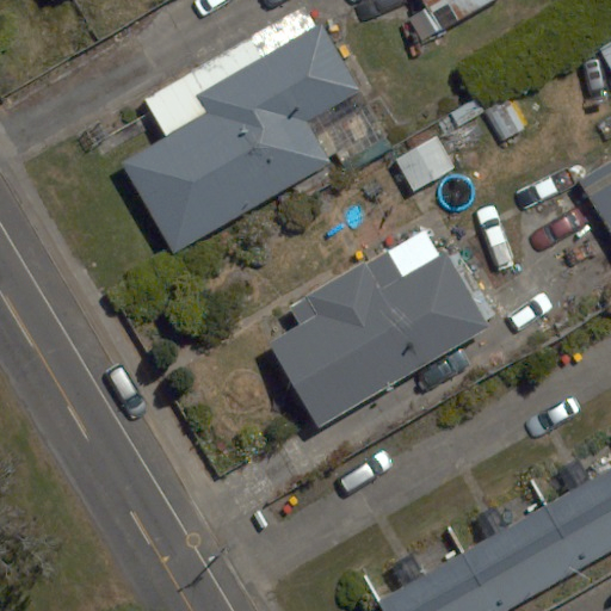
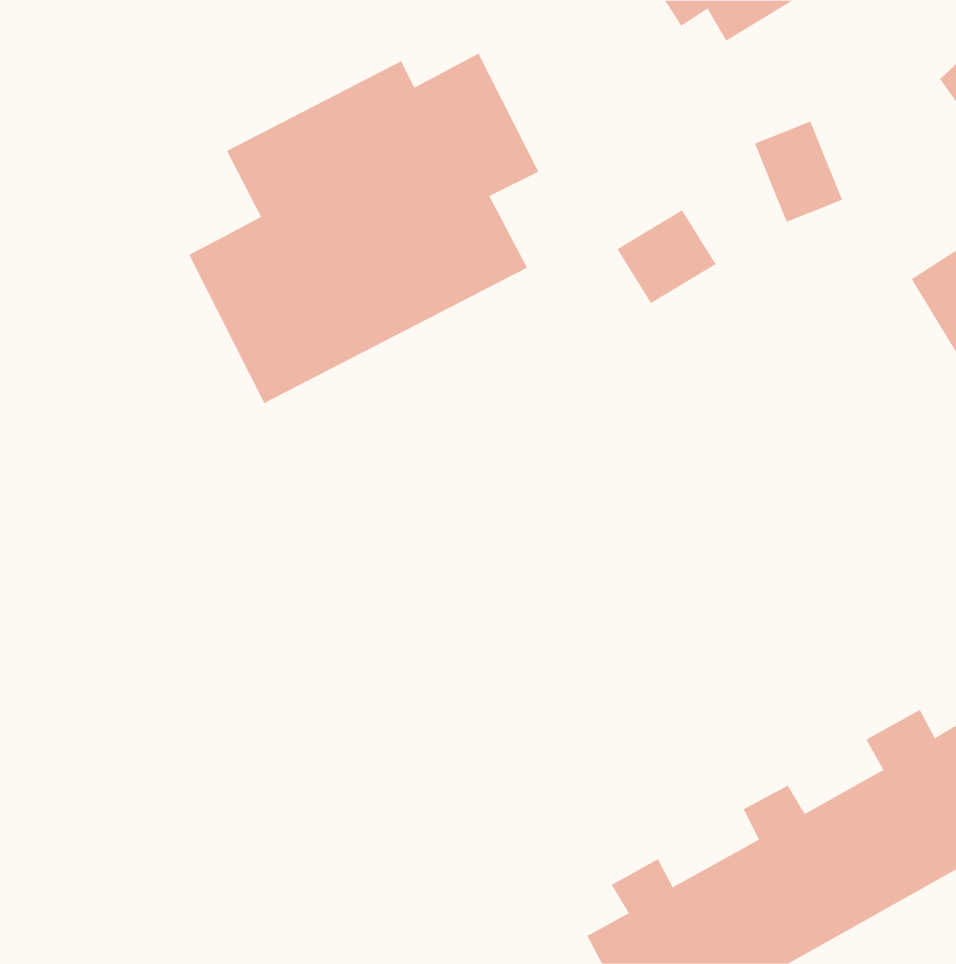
building: [258,248,500,437] -> none

